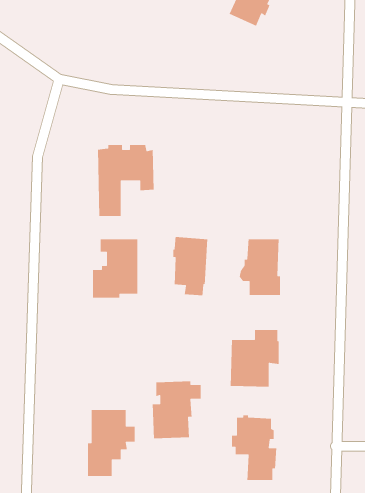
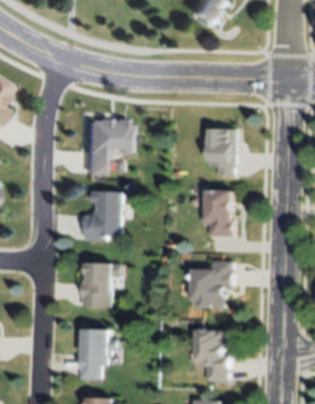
building: [172,236,208,296] -> [206,128,234,175]
building: [152,380,201,439] -> [81,261,120,308]

